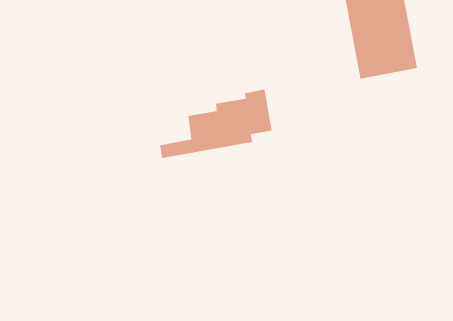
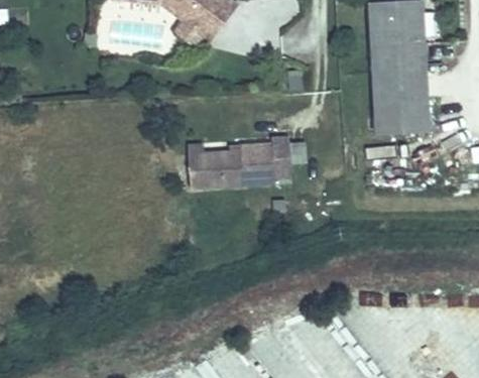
building: none -> [181,140,214,177]

